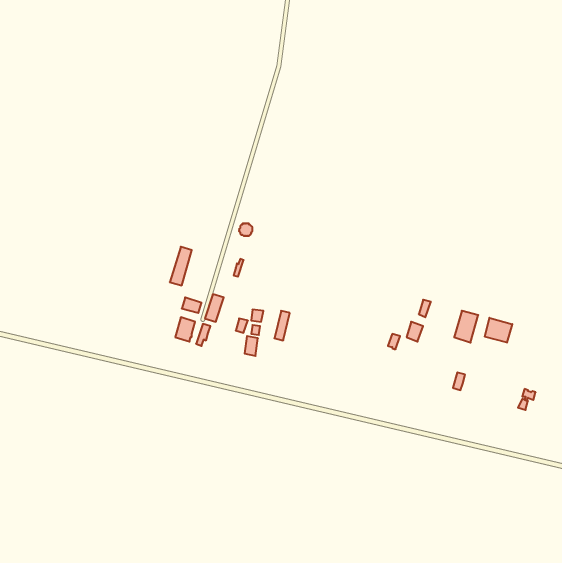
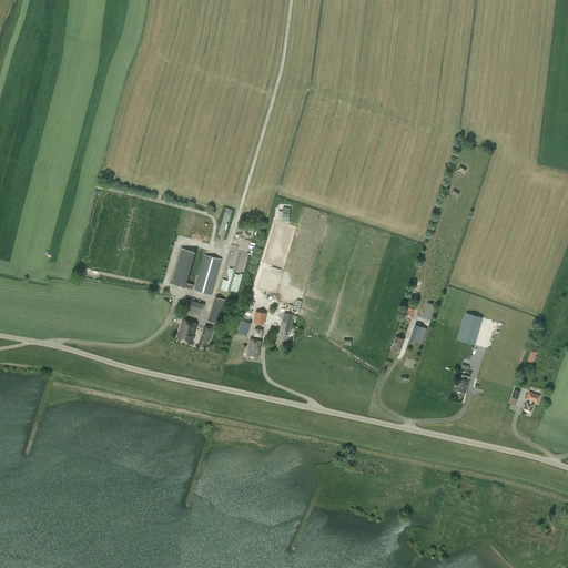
building: none -> [193,255,221,295]
building: [485,318,512,343] -> none

